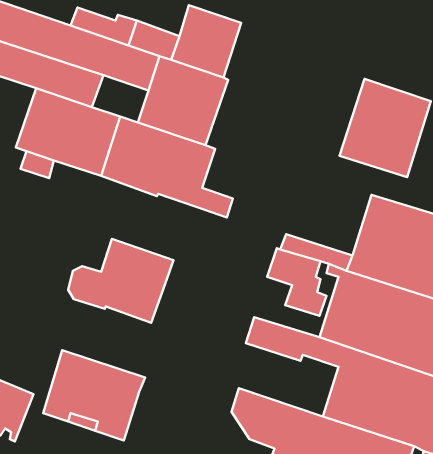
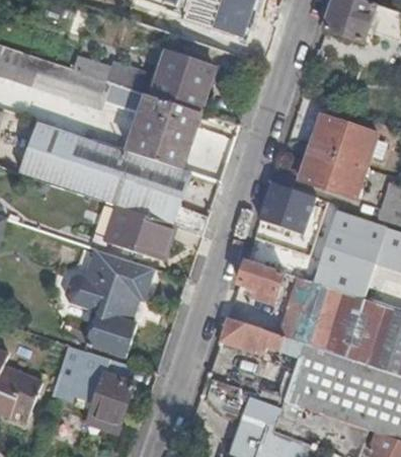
building: none -> [259,183,314,232]
building: none -> [115,212,176,260]
building: none -> [86,308,138,358]

